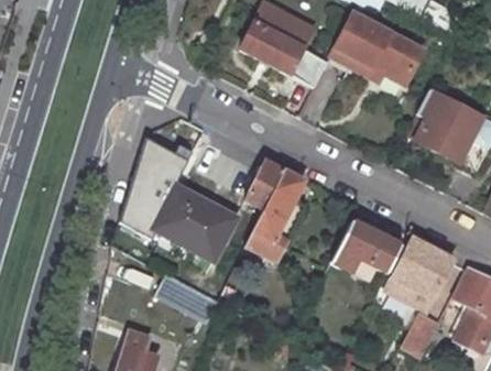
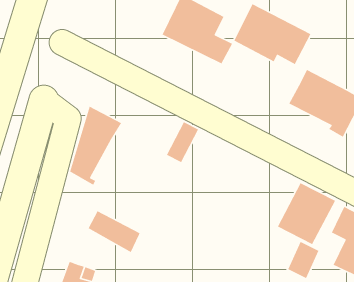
building: [244,167,308,264] -> none
building: [149,181,241,264] -> none
building: [331,218,403,280] -> none

